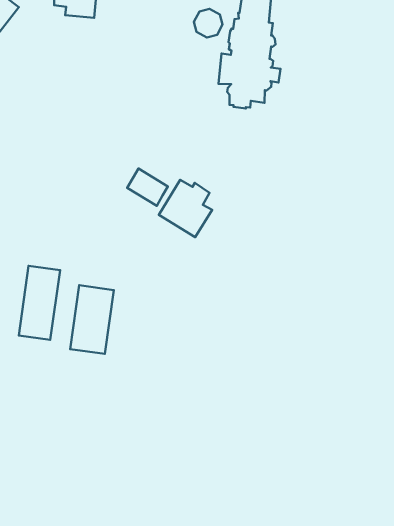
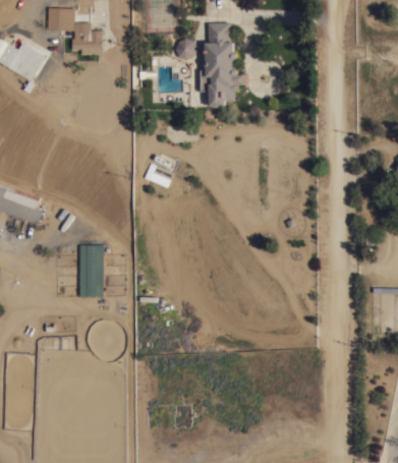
building: [159,180,212,237] -> none
building: [70,285,114,354] -> none

